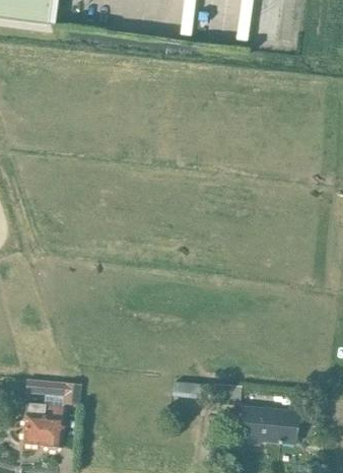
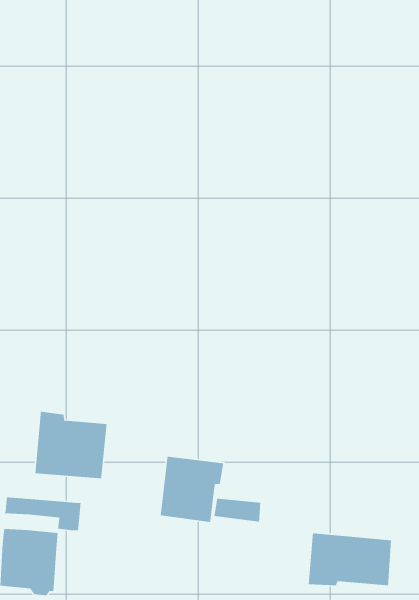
building: none -> [34,411,108,479]
building: none -> [160,456,224,523]

